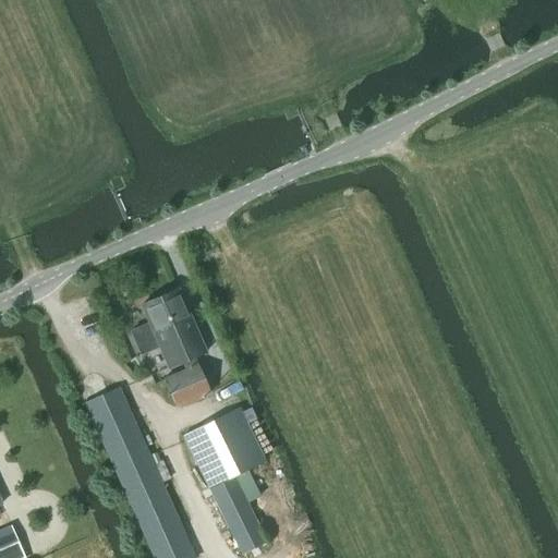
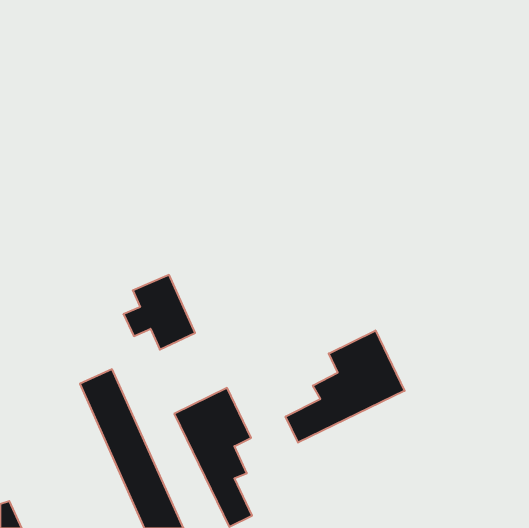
building: none -> [286,330,405,443]
building: [165,364,210,405] -> none

